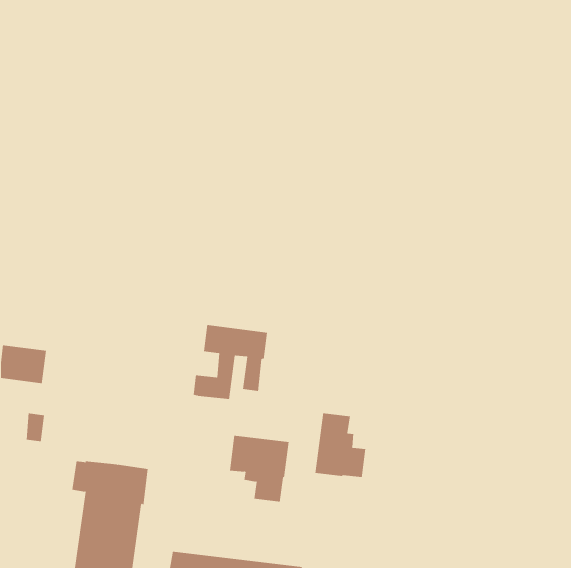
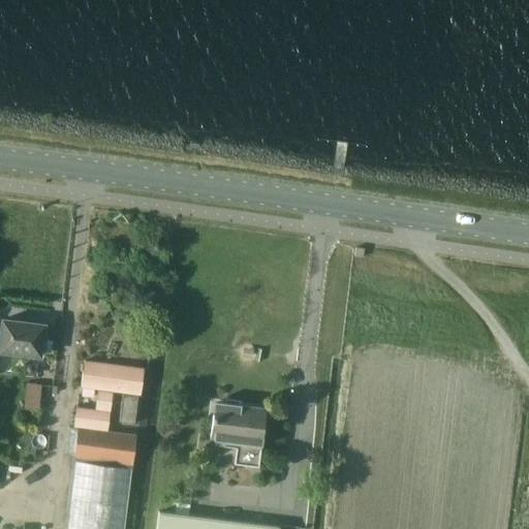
building: [193,325,268,399] -> [74,363,144,432]
building: [315,413,366,478] -> none

